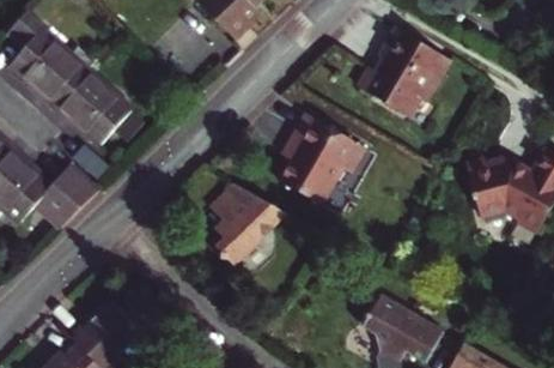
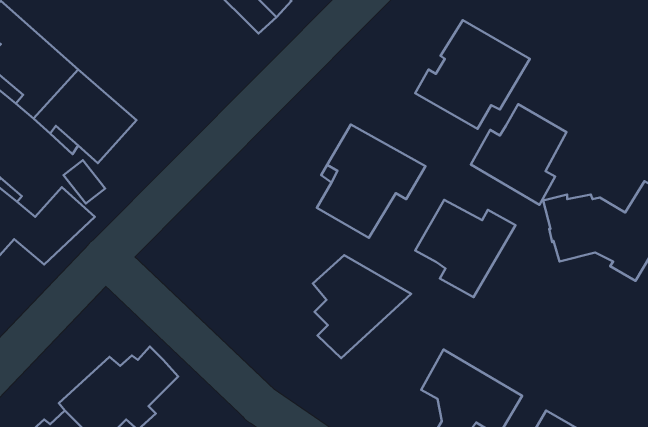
building: none -> [471,104,567,205]
building: none -> [415,200,515,297]
building: [211,182,290,265] -> [313,255,411,358]

